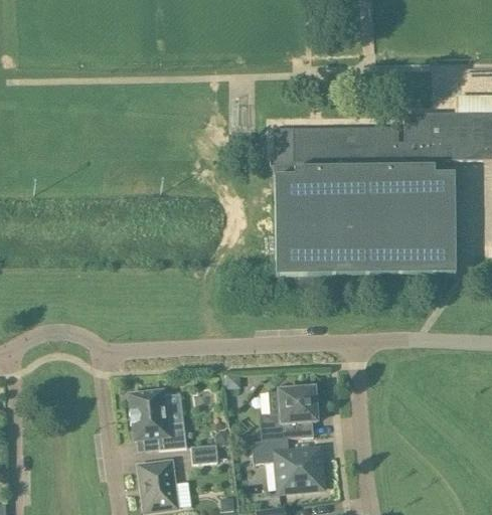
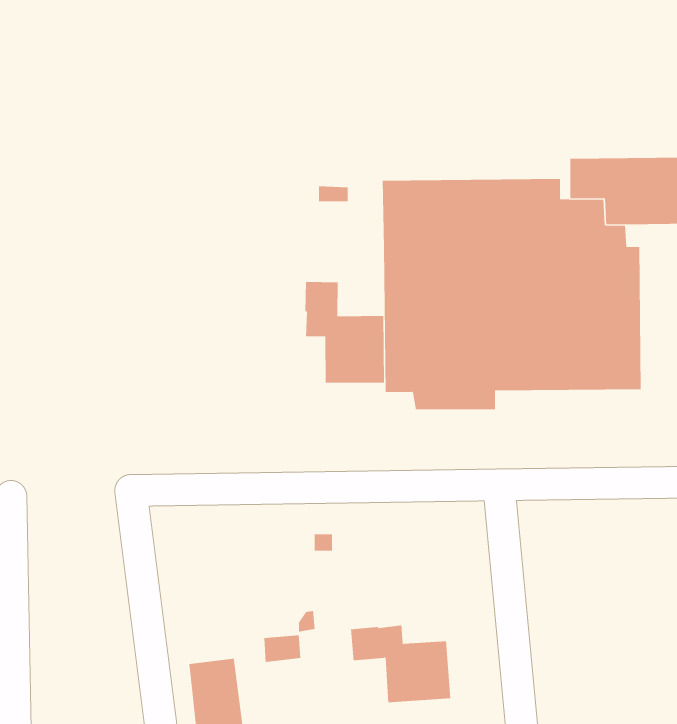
building: none -> [305,281,385,383]
building: [270,383,317,440] -> none
building: [129,390,186,450] -> none

